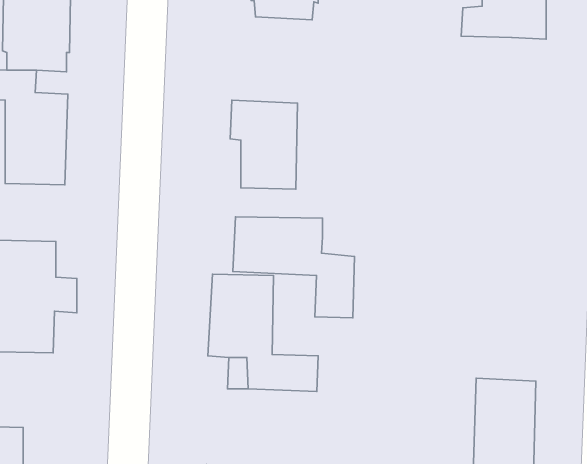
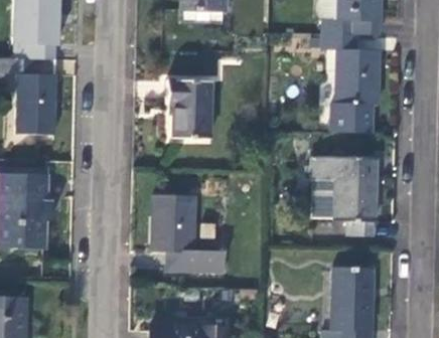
building: none -> [322,34,379,133]
building: none -> [312,154,377,237]
building: [233,217,354,318] -> none

